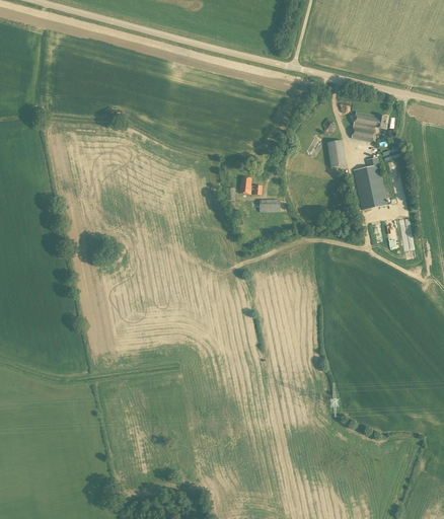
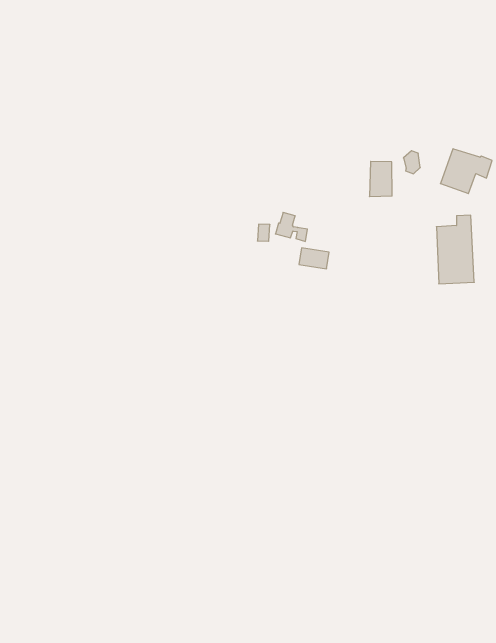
building: [326,140,346,167] -> [369,161,392,197]

